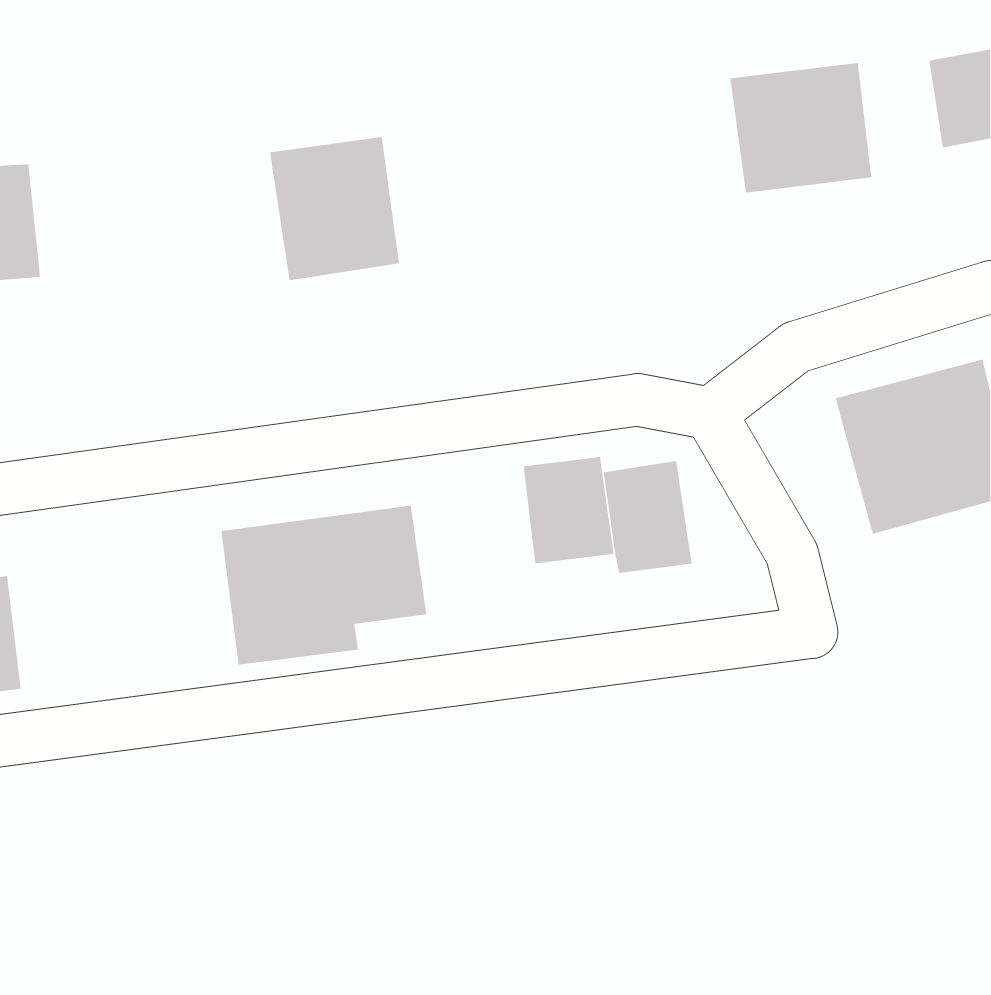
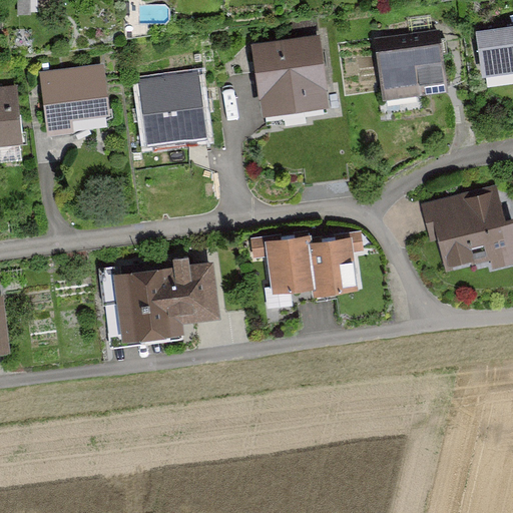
building: none -> [250,33,328,116]
building: none -> [38,66,108,137]

